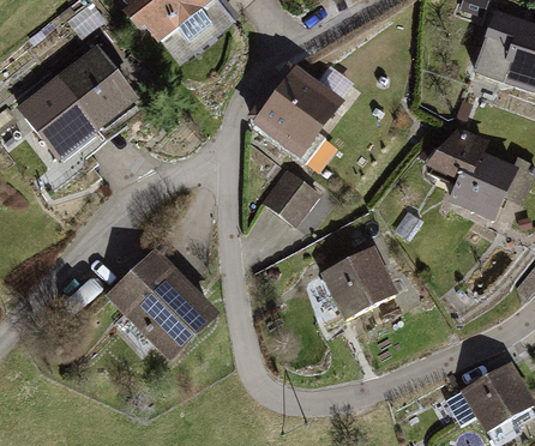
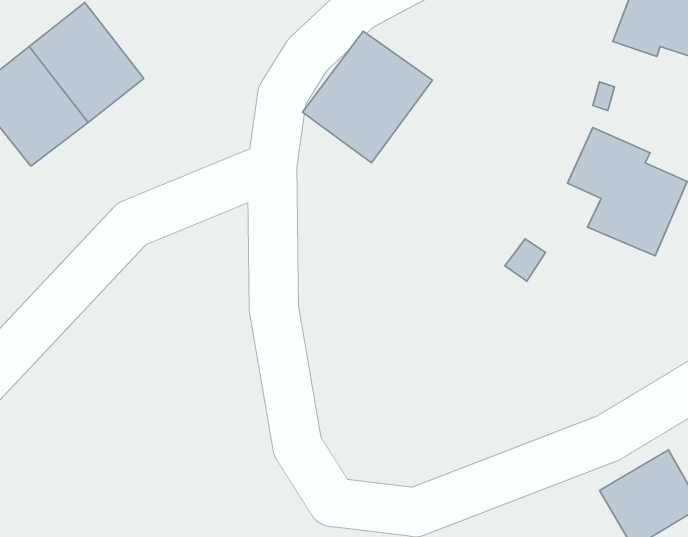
building: [263,169,321,228] -> none
building: [320,245,398,319] -> none
building: [107,248,217,358] -> none

